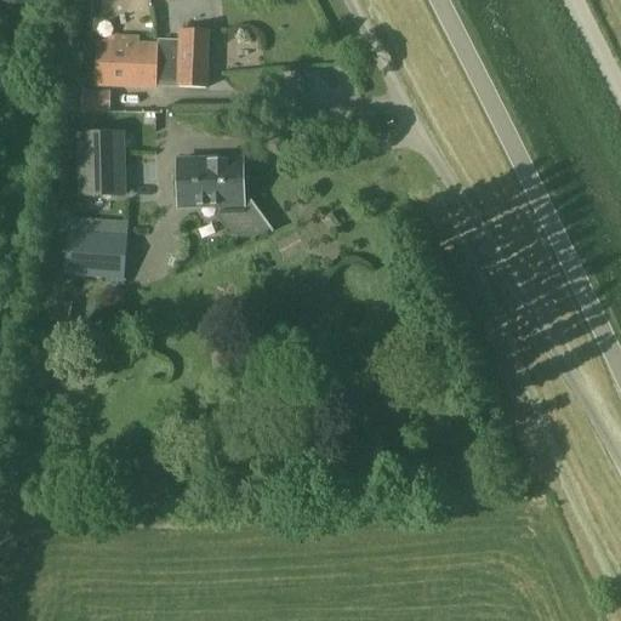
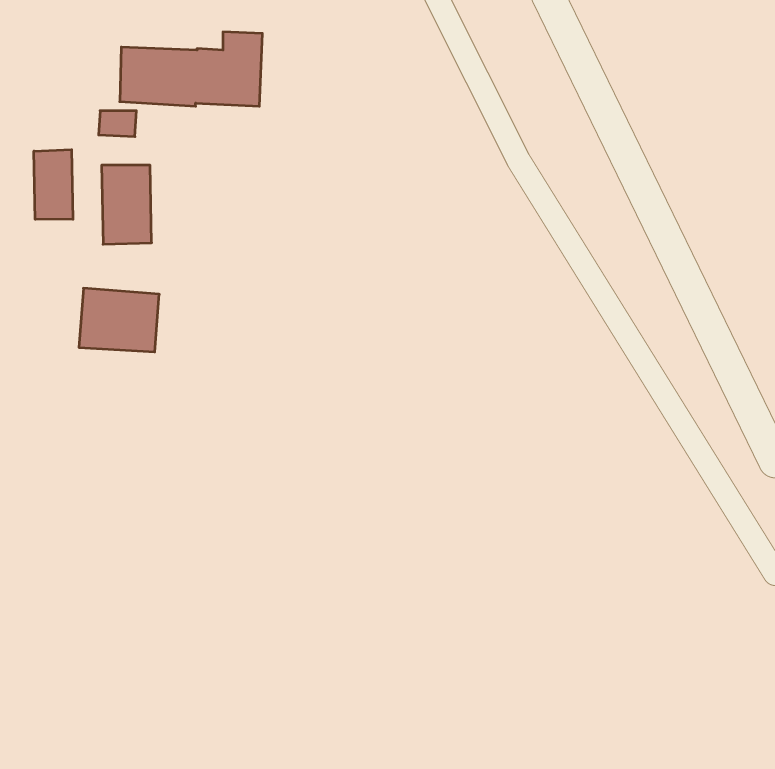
building: none -> [34,150,73,219]
building: [178,158,272,230] -> none

